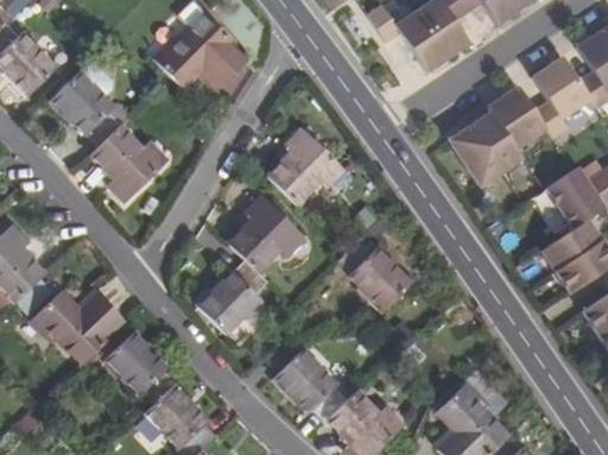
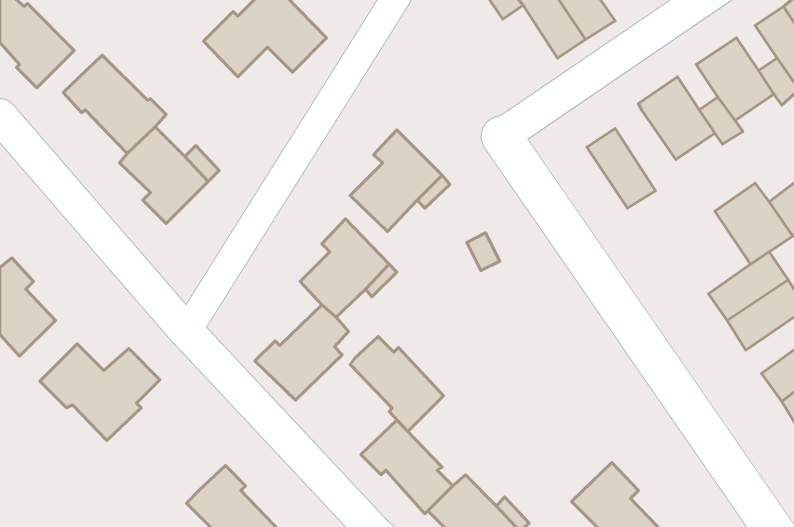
building: [470,113,522,175] -> none
building: [341,238,412,310] -> [350,336,444,432]
building: [106,334,176,403] -> none

